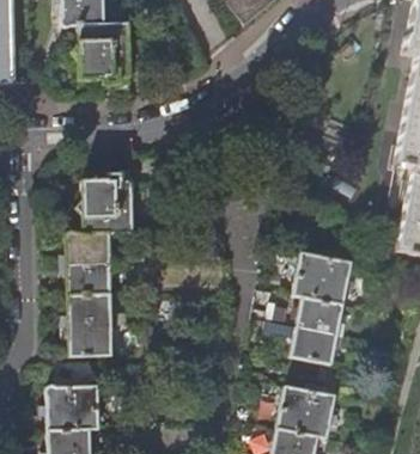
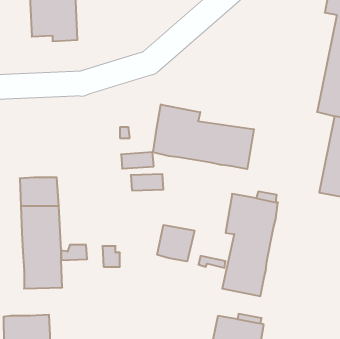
building: none -> [153,104,254,169]
building: [79,173,133,233] -> none
building: none -> [157,225,194,261]

